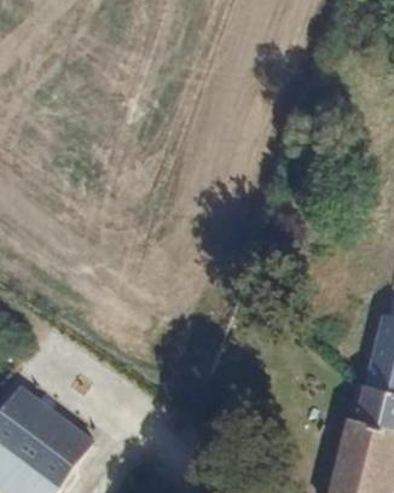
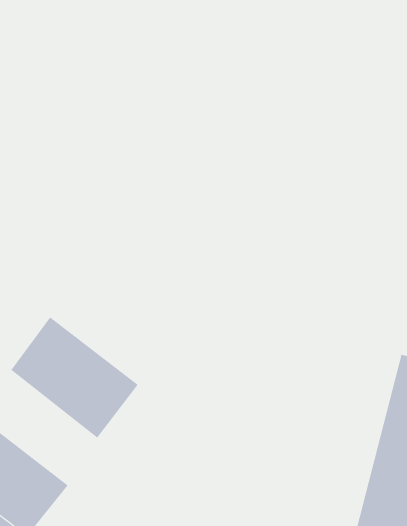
building: none -> [11,316,139,439]

